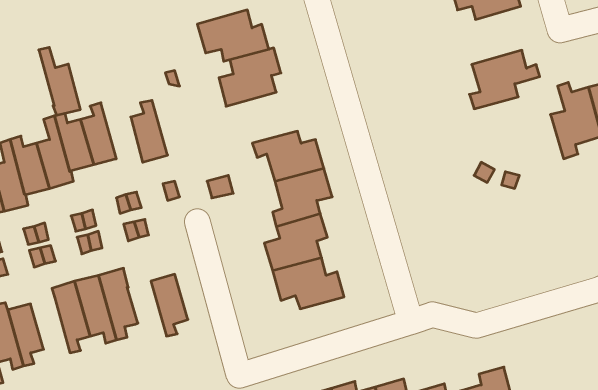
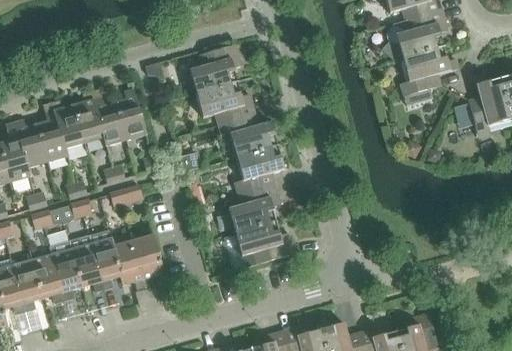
building: none -> [382,9,448,60]
building: [197,10,269,61] -> [196,81,256,124]
building: [39,47,80,115] -> [91,88,126,145]
building: none -> [113,240,146,289]
building: none -> [32,253,65,303]

